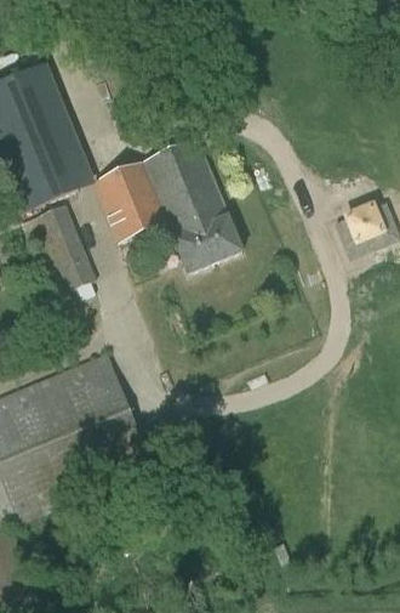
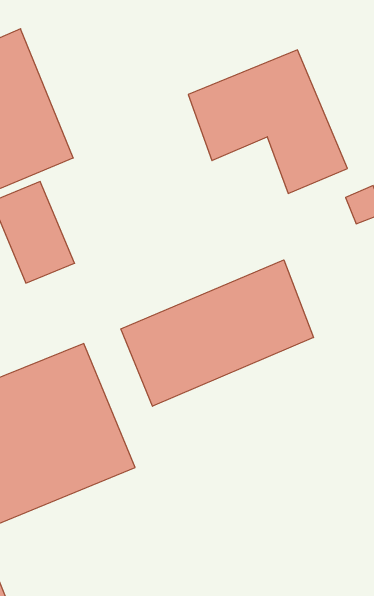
building: [95,138,241,271] -> [188,50,347,193]
building: none -> [121,260,313,406]

